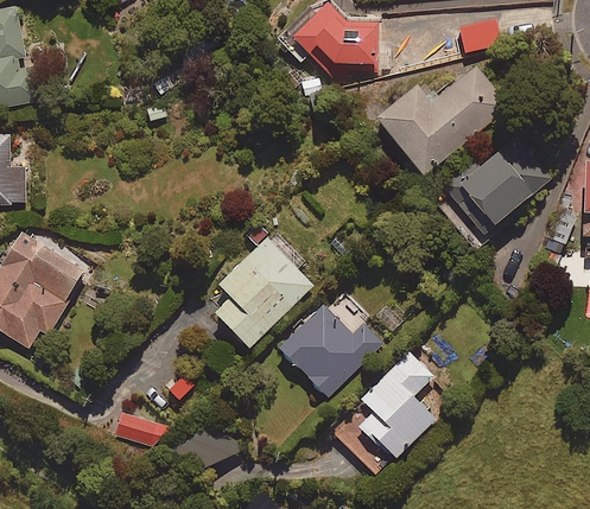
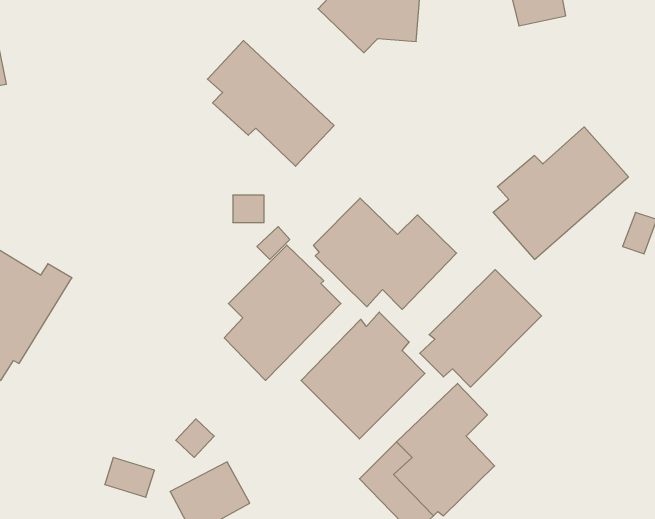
building: none -> [207,41,334,166]
building: [378,65,508,174] -> none
building: none -> [314,198,457,309]
building: none -> [420,270,542,387]

